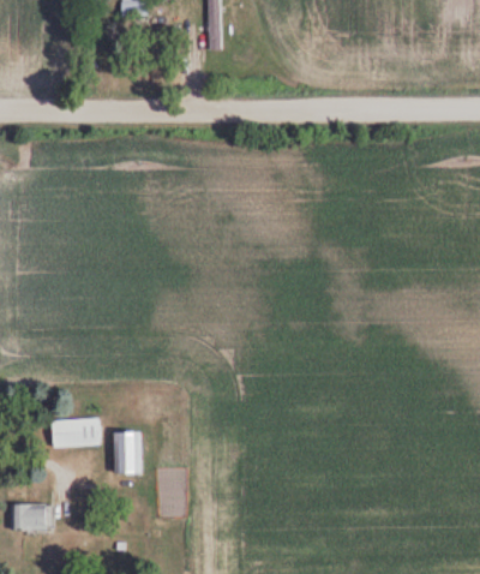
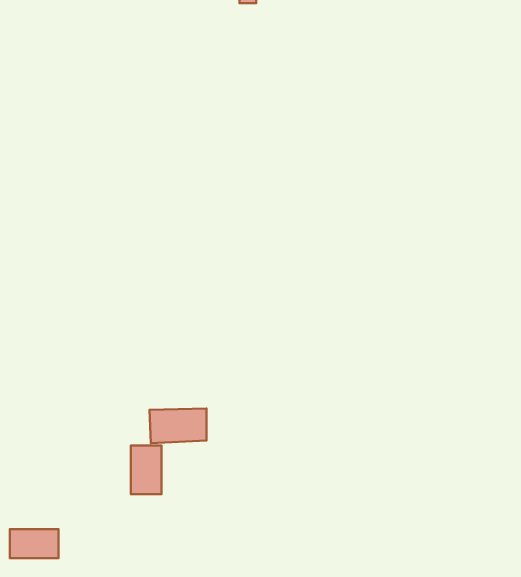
building: [52,418,101,448] -> [149,409,206,443]

